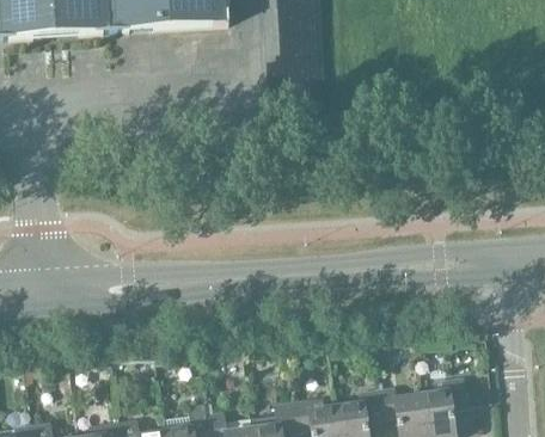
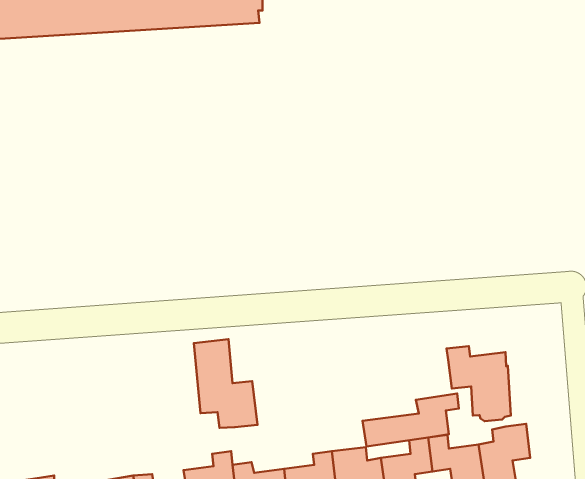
building: none -> [194,339,257,428]
building: none -> [447,346,511,421]
building: none -> [363,394,459,447]

